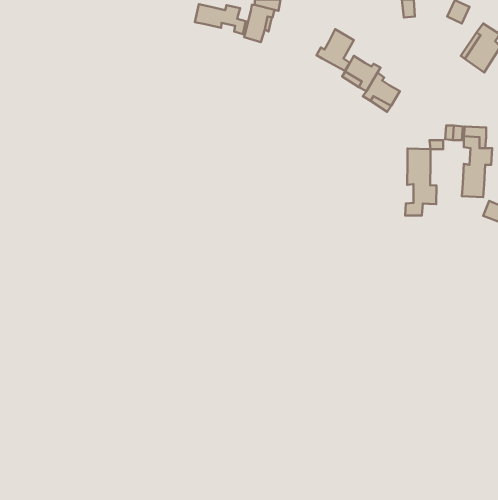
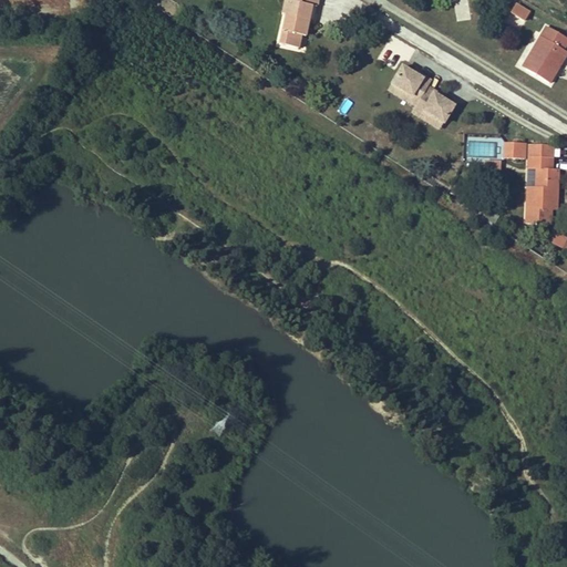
building: [195,4,246,34] -> none
building: [316,29,354,71] -> none
building: [405,149,436,215] -> none

